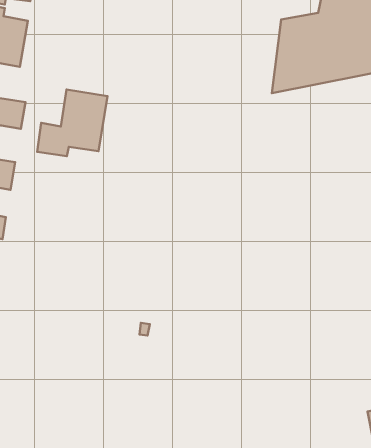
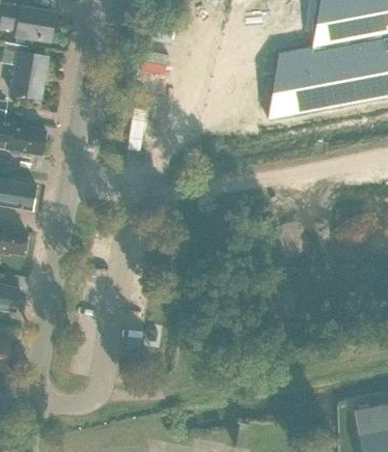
building: [37,89,107,156] -> none

